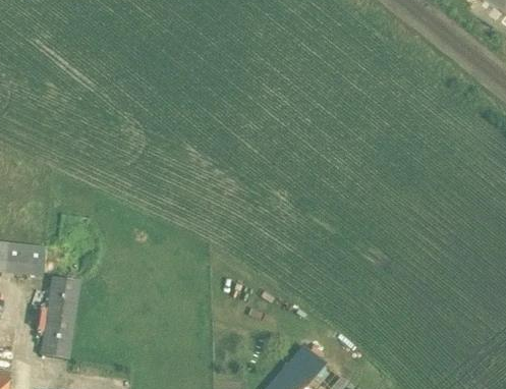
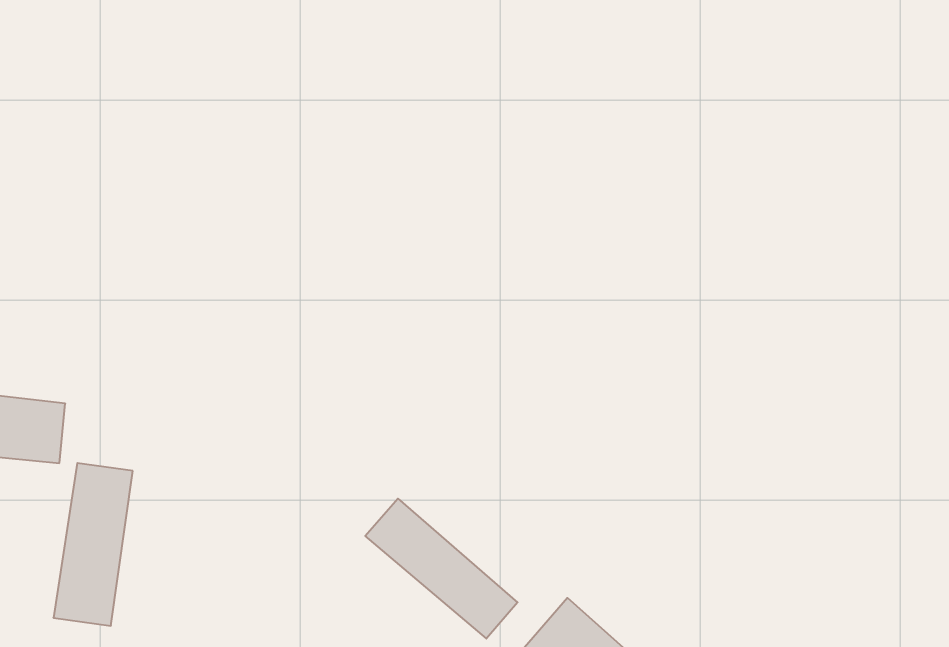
building: none -> [365,499,518,639]

